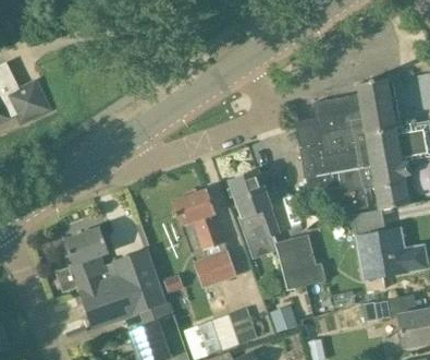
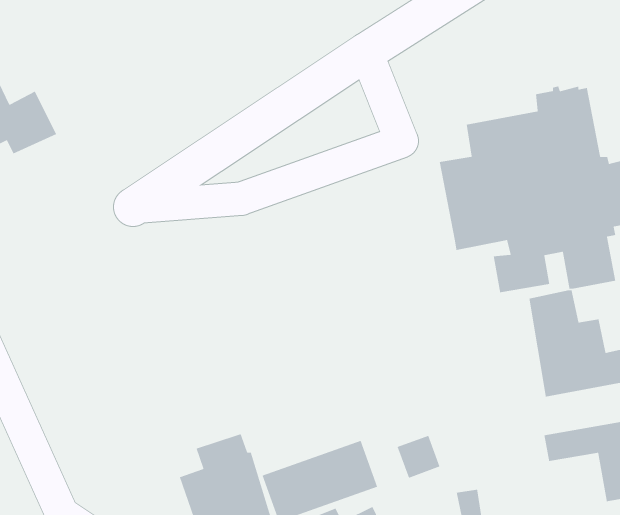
building: [230,171,279,245] -> none
building: [171,189,235,286] -> none
building: [62,227,164,328] -> none
building: [274,233,325,289] -> none

